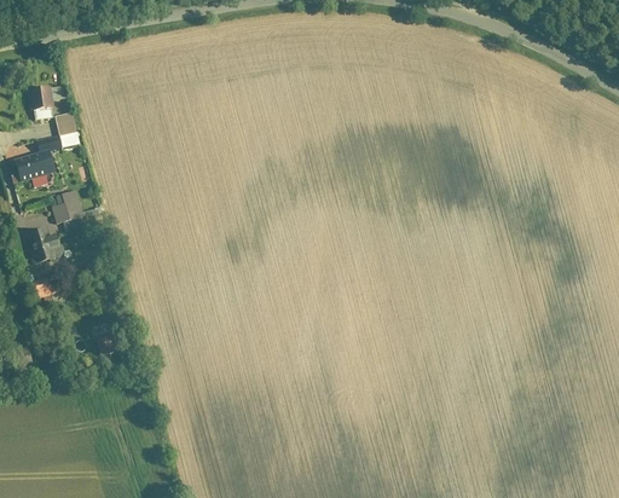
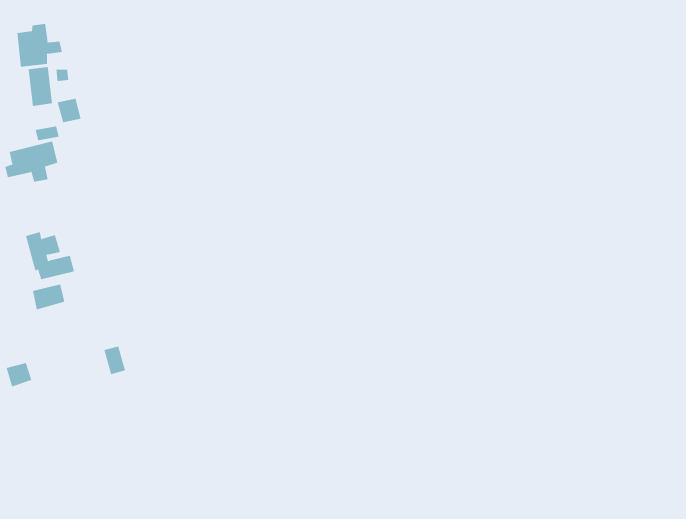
building: none -> [17,23,62,68]
building: [53,190,87,221] -> none

